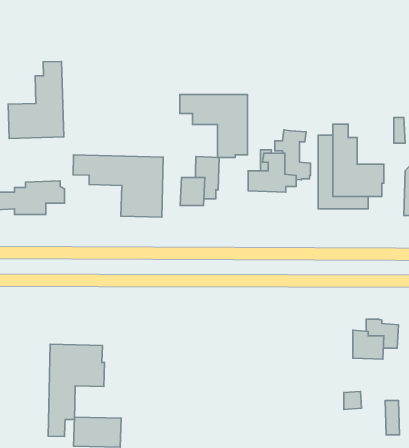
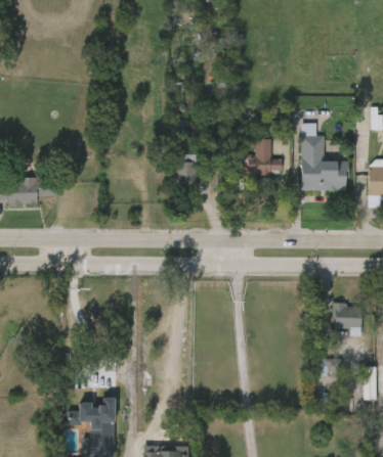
building: [8,61,64,139] -> none
building: [180,94,248,157] -> none
building: [73,155,163,217] -> none
building: [48,344,104,436] -> none

